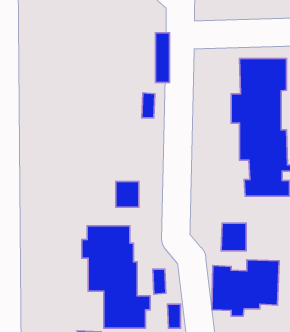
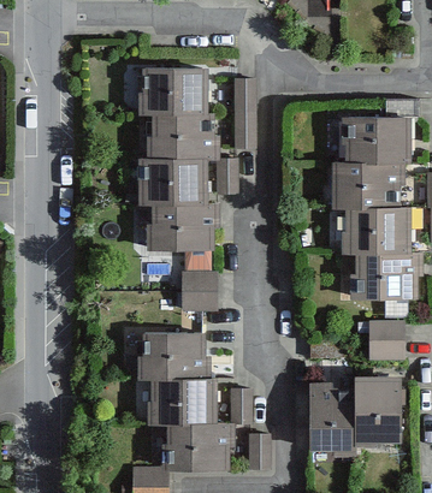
building: none -> [138,69,215,246]
building: [221,223,246,251] -> [369,322,402,358]

